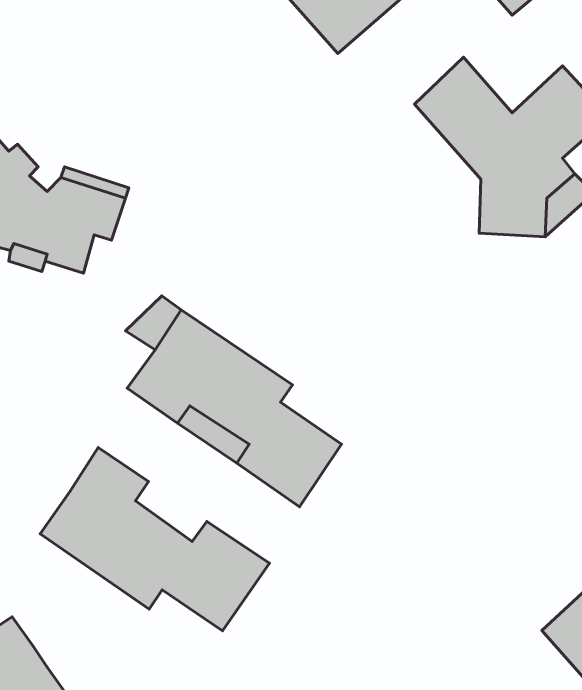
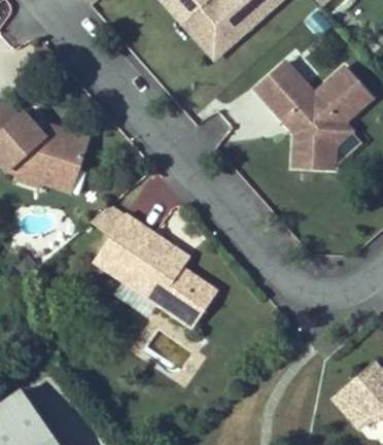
building: [40,448,269,631] -> none

